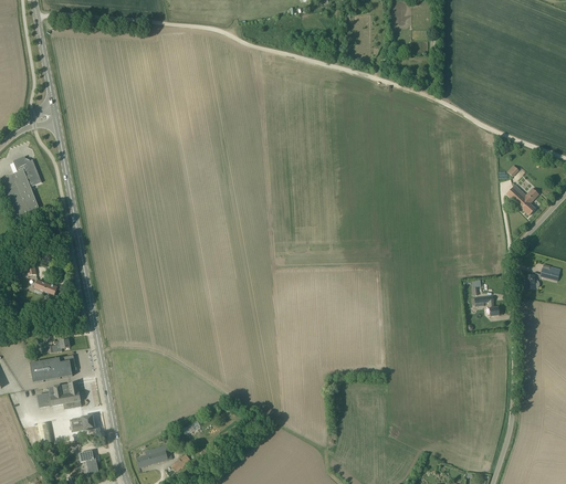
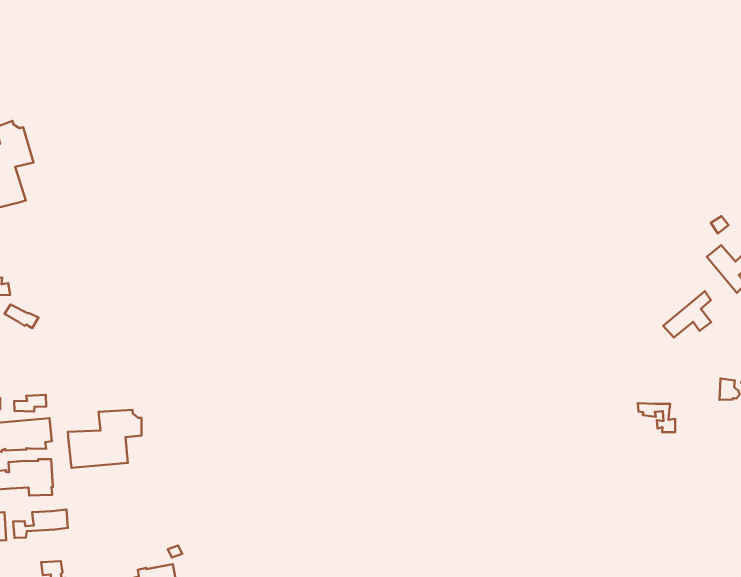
building: none -> [663,291,711,338]
building: none -> [68,410,142,468]

